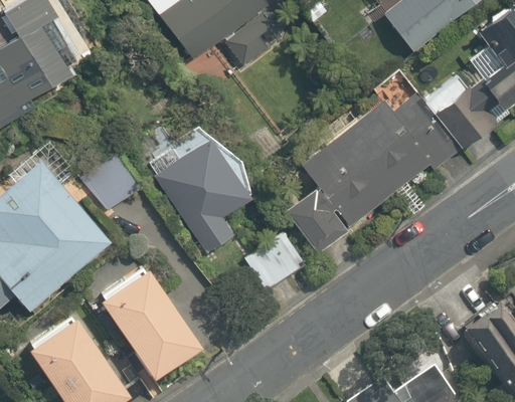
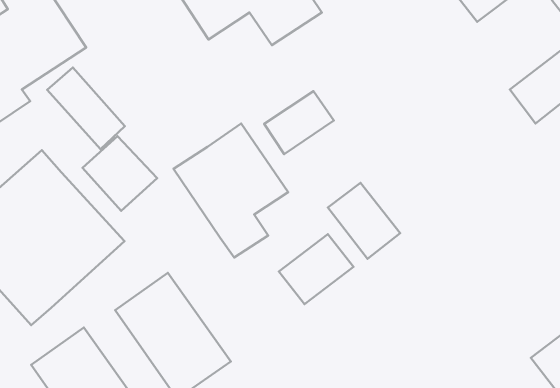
building: none -> [47,67,125,149]
building: [301,88,466,225] -> none
building: none -> [264,91,334,154]

